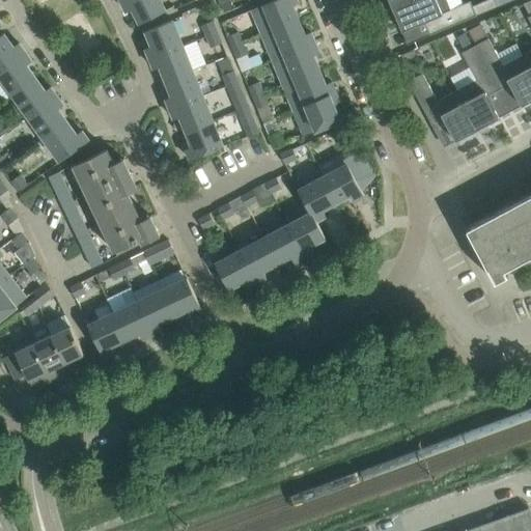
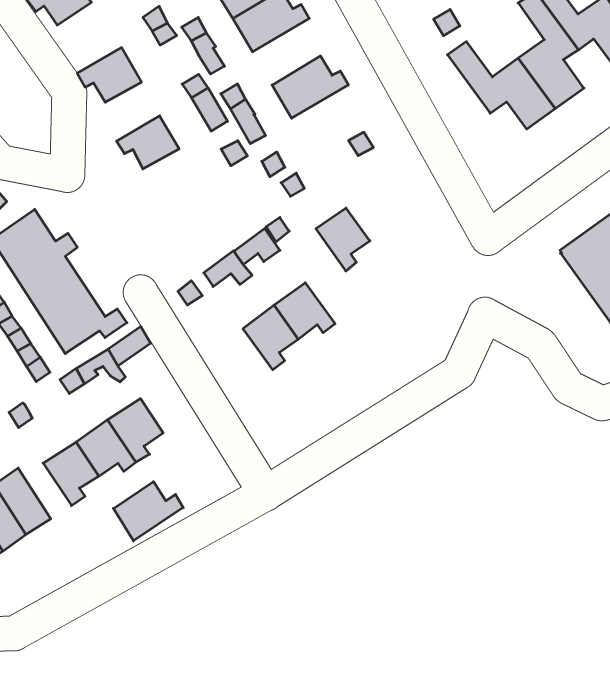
building: [144,20,181,58] -> none
building: [272,43,318,85] -> none
building: [165,71,201,109] -> none
building: [292,92,339,135] -> none
building: [185,120,222,160] -> none
building: [322,149,372,202] -> none
building: [286,189,324,256] -> none
building: [215,251,255,288] -> none
building: [161,278,201,315] -> none
building: none -> [113,482,183,541]

